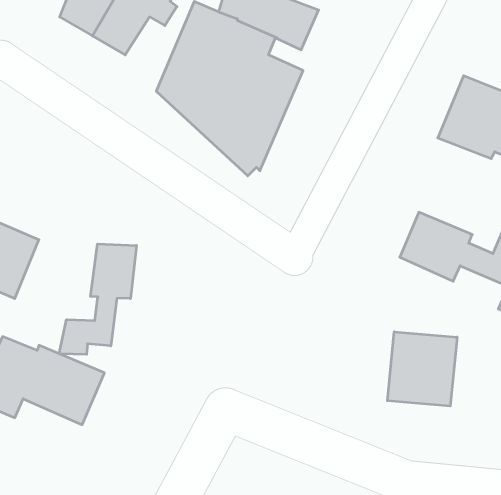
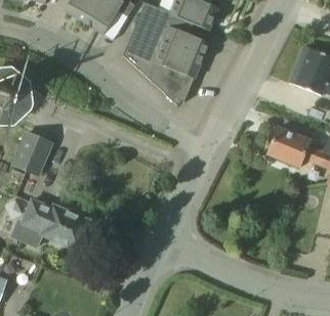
building: [60,244,136,354] -> none
building: [387,332,457,406] -> none

